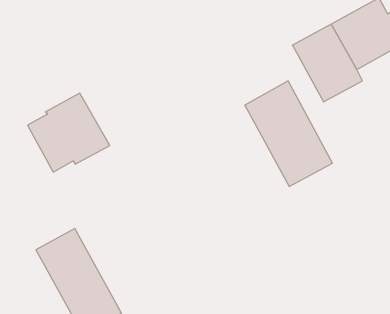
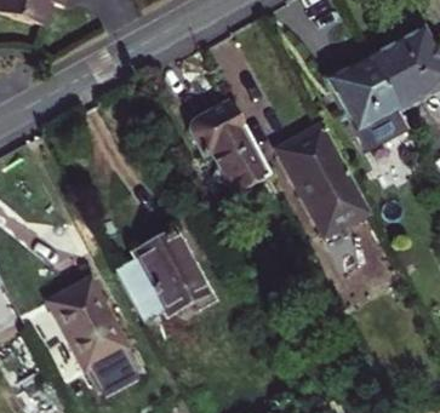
building: none -> [188,101,269,195]
building: [28,93,110,172] -> [115,235,205,321]

